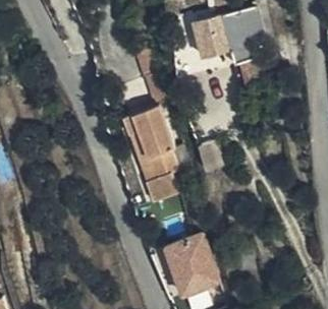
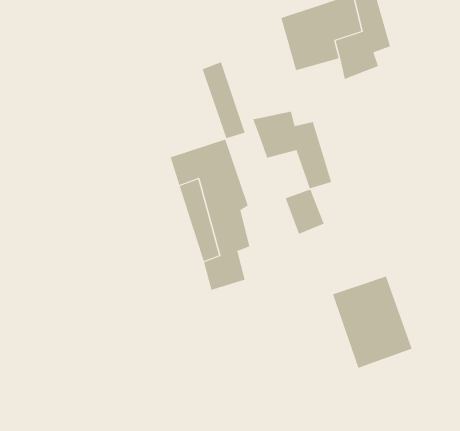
building: none -> [252,111,332,189]
building: [165,233,219,295] -> [332,276,412,368]

